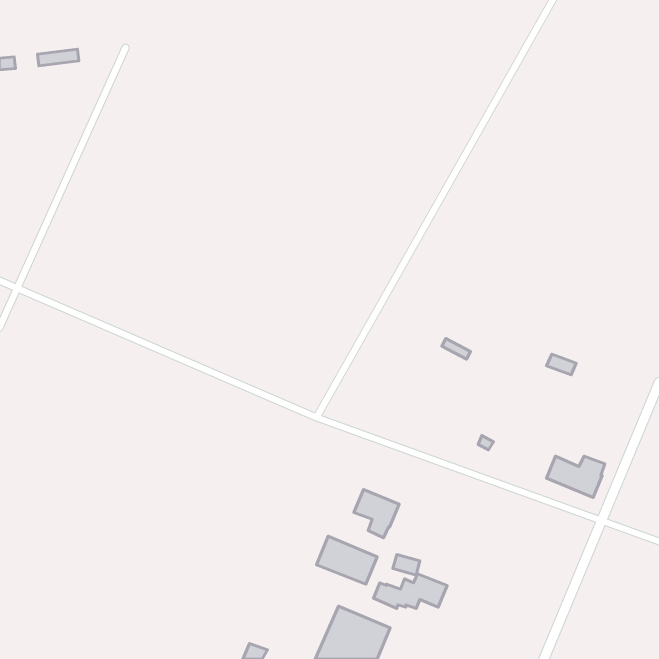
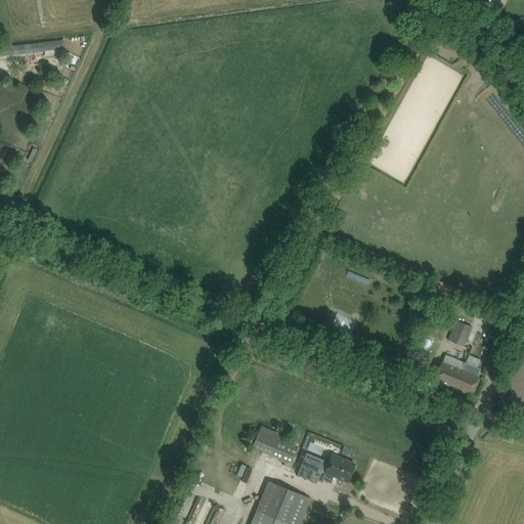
building: none -> [447,320,471,347]
building: [354,489,399,538] -> none

